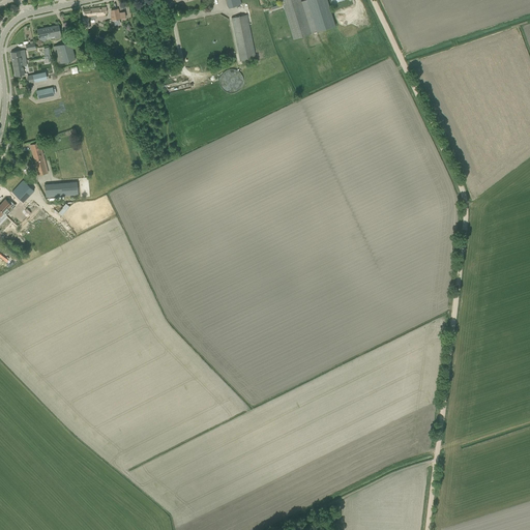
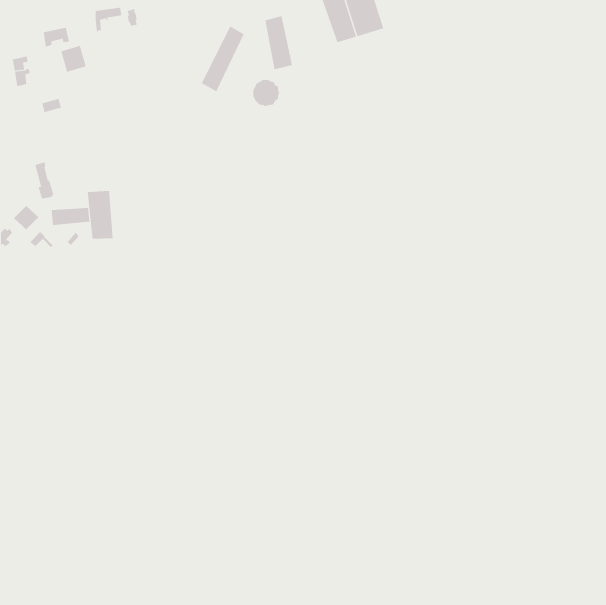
building: none -> [201,26,245,92]
building: none -> [87,190,113,240]

